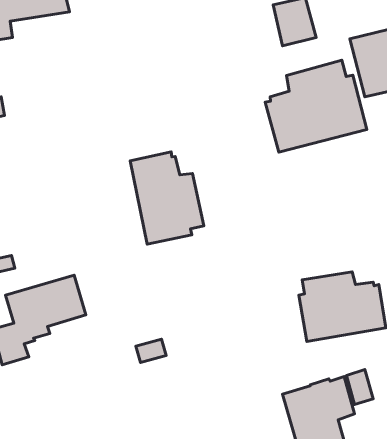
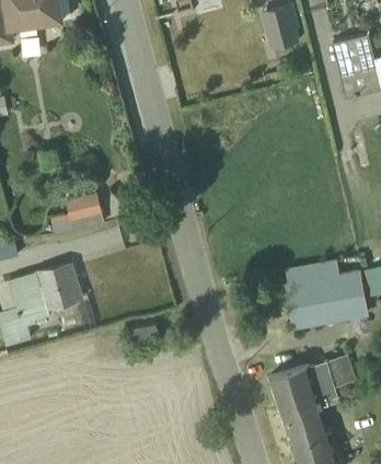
building: [265,60,367,152] -> none
building: [130,152,204,244] -> none
building: none -> [66,193,104,231]

